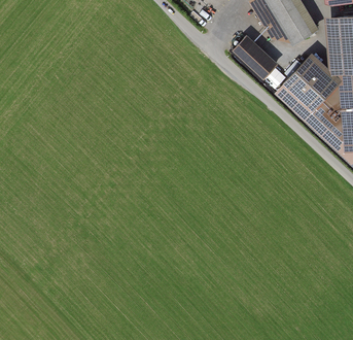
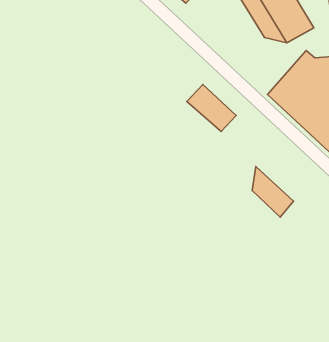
building: [231,33,278,78] -> [187,84,236,132]
building: none -> [252,166,293,217]

